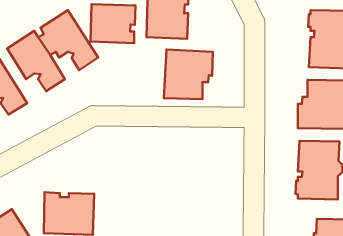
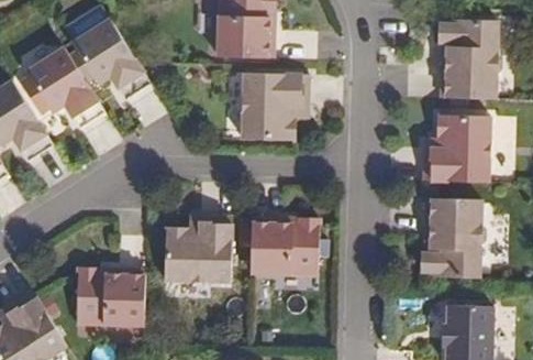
building: [90,4,136,43] -> none
building: none -> [164,216,232,282]
building: none -> [249,217,319,275]

